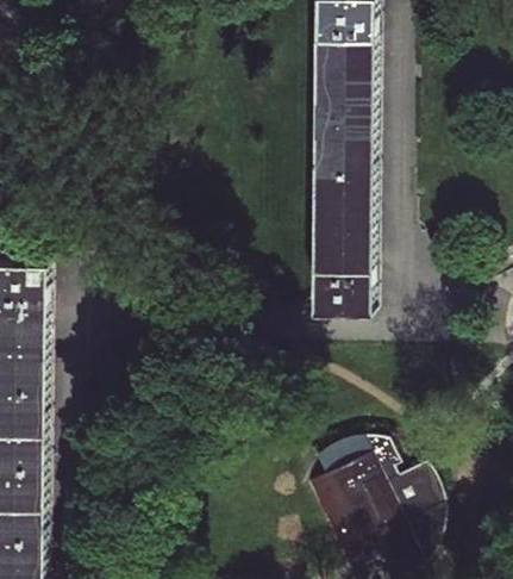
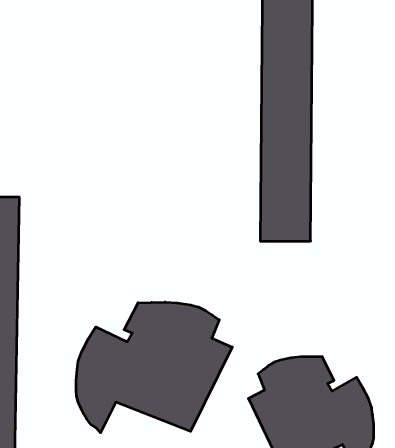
building: none -> [76,302,232,433]

